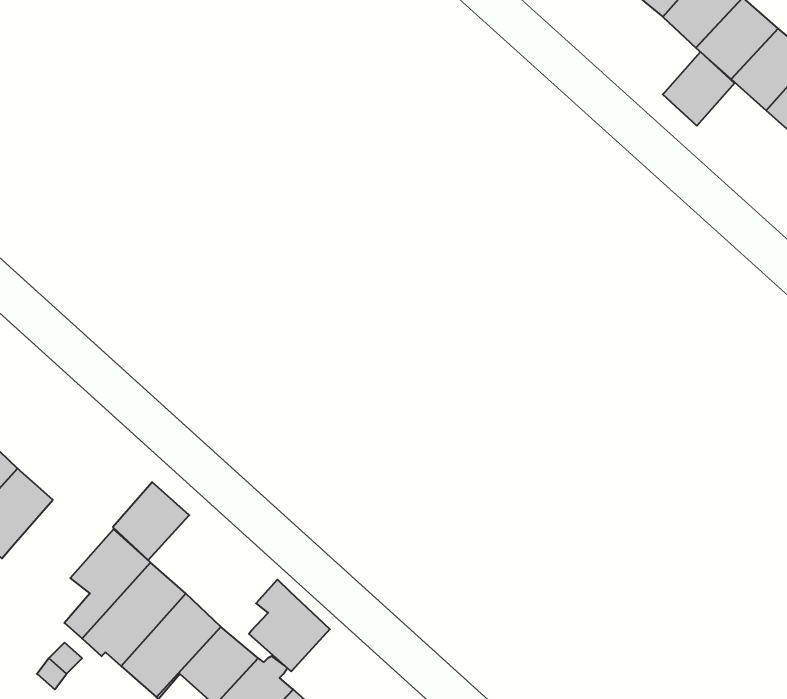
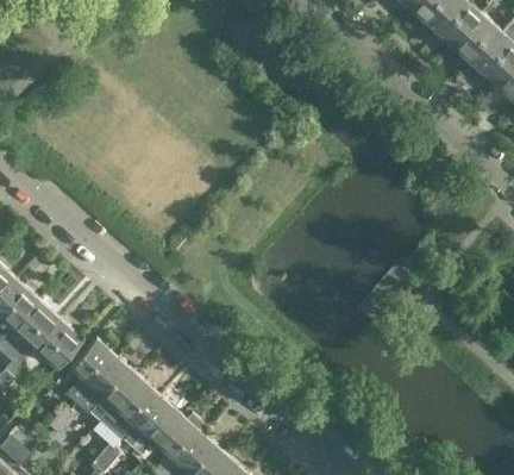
building: [663,52,735,126] -> none
building: [113,482,189,560] -> [35,319,81,367]
building: [249,580,330,671] -> none

